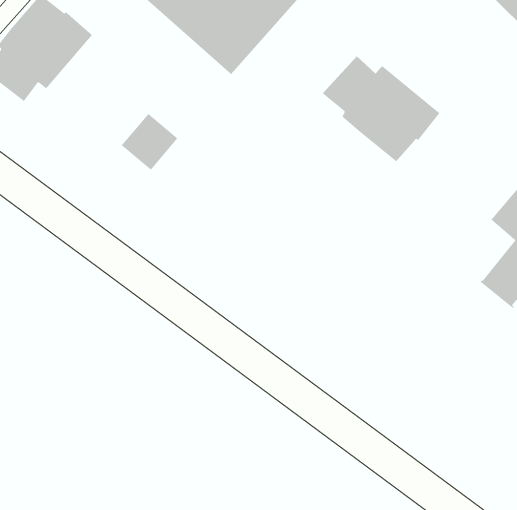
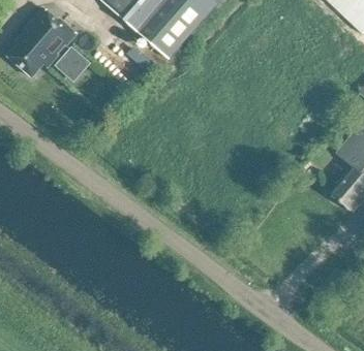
building: [322,56,440,162] -> none
building: [121,113,178,170] -> [56,43,93,81]

